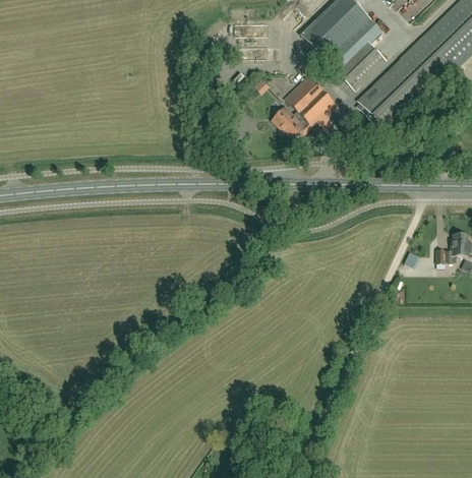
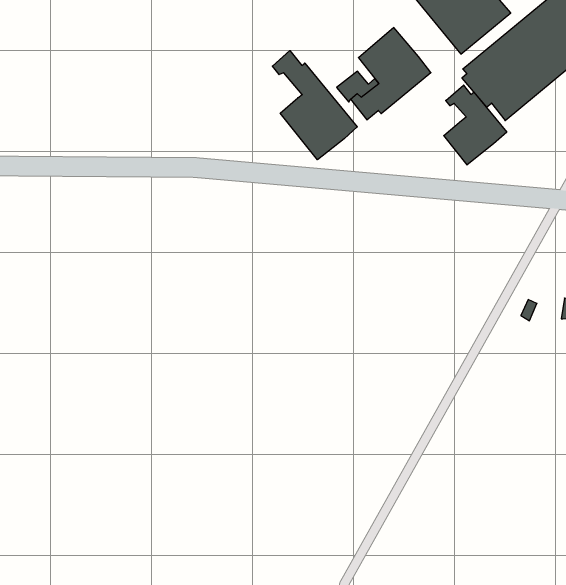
building: none -> [272,51,357,160]
building: none -> [444,85,507,165]

